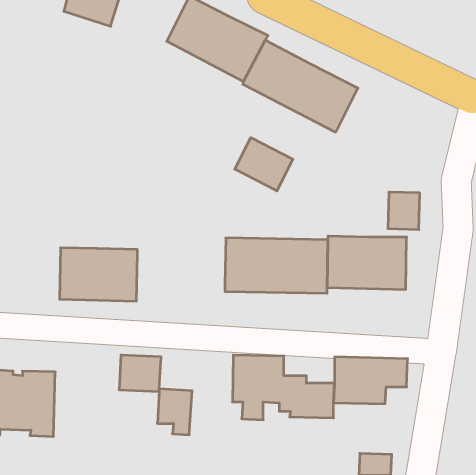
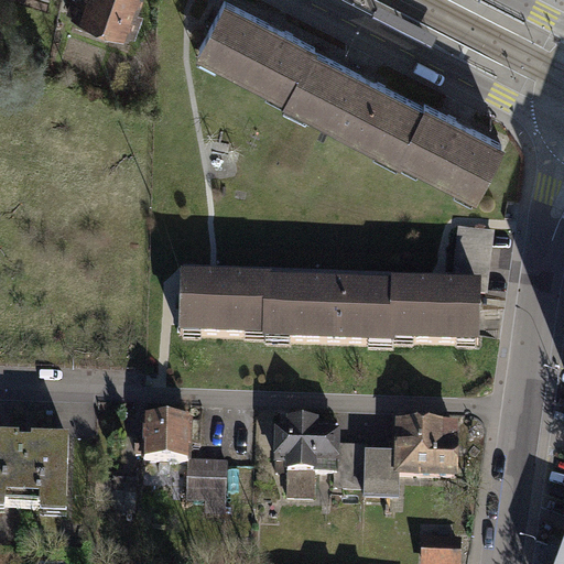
building: none -> [398,99,502,191]
building: [235,138,293,191] -> none
building: [60,248,137,301] -> [174,272,265,335]

